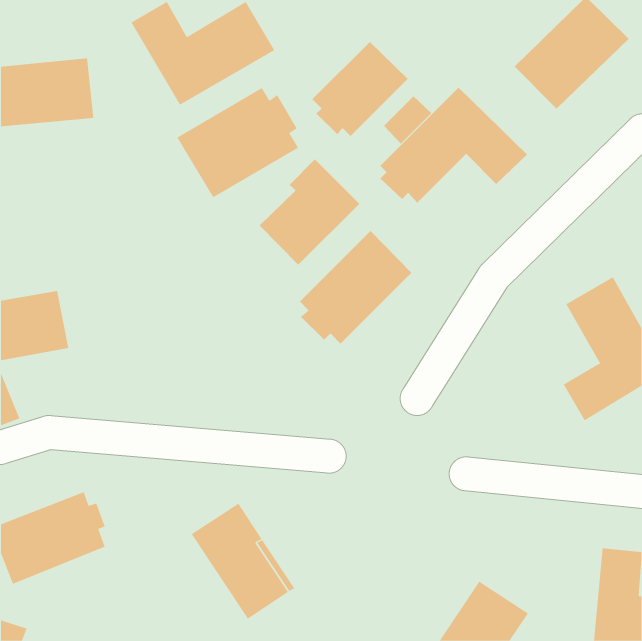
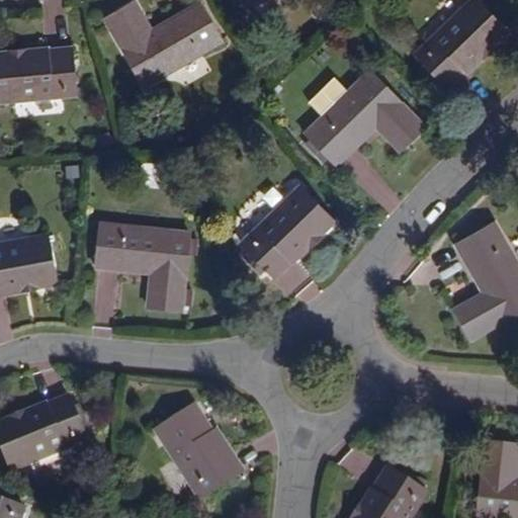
building: [312,41,408,137] -> none
building: [177,87,299,198] -> none
building: [259,158,360,265] -> none
building: none -> [95,223,188,311]

